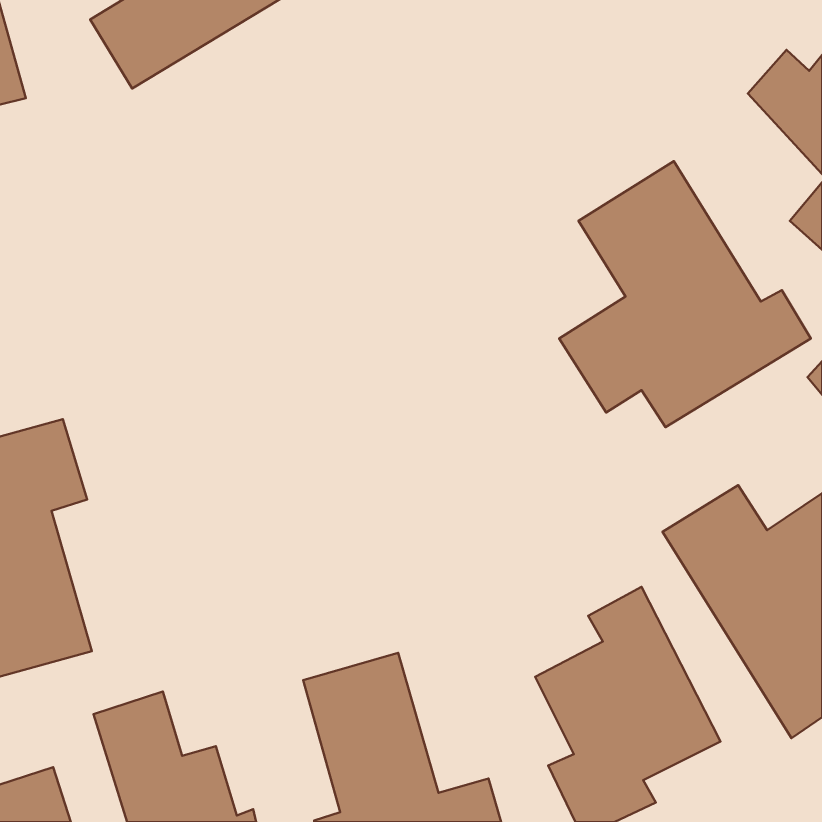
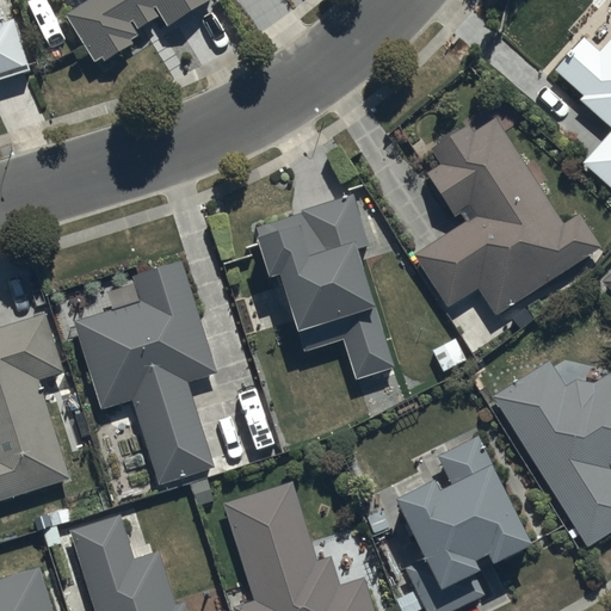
building: none -> [260,200,399,379]
building: none -> [76,258,214,485]

